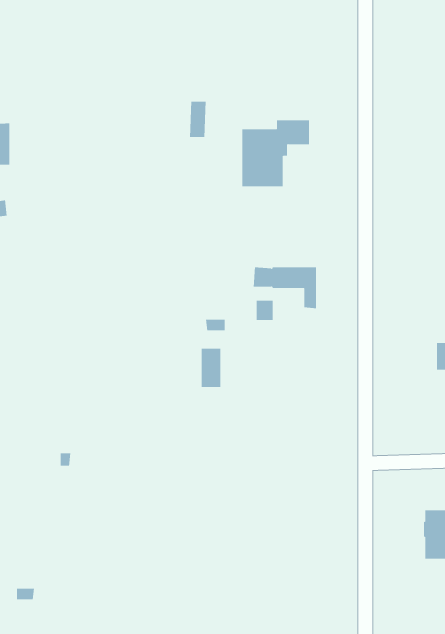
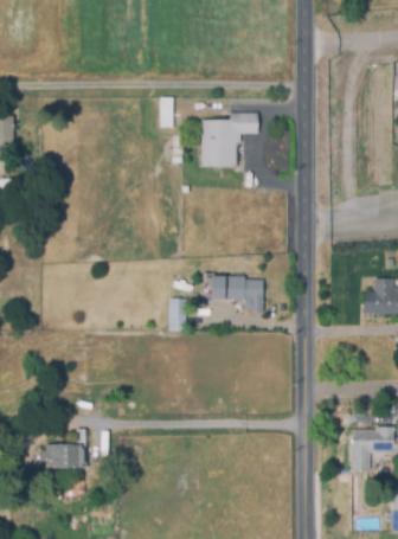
building: [253,267,317,309] -> [211,280,263,314]
building: none -> [40,430,86,468]

